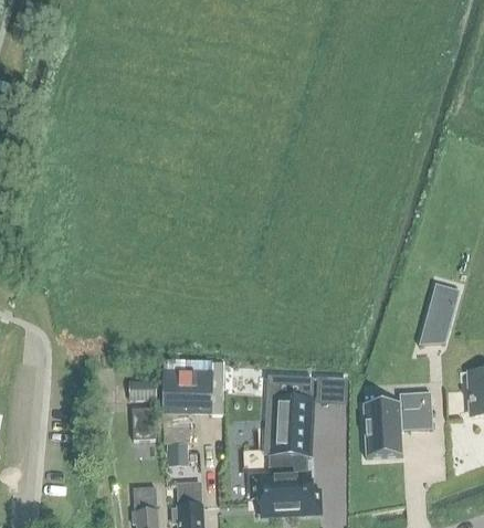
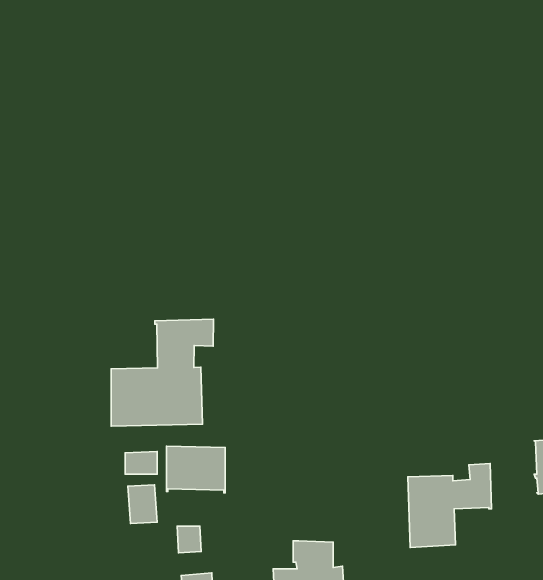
building: none -> [111,319,213,426]
building: [418,283,459,344] -> none
building: [271,394,311,455] -> none

